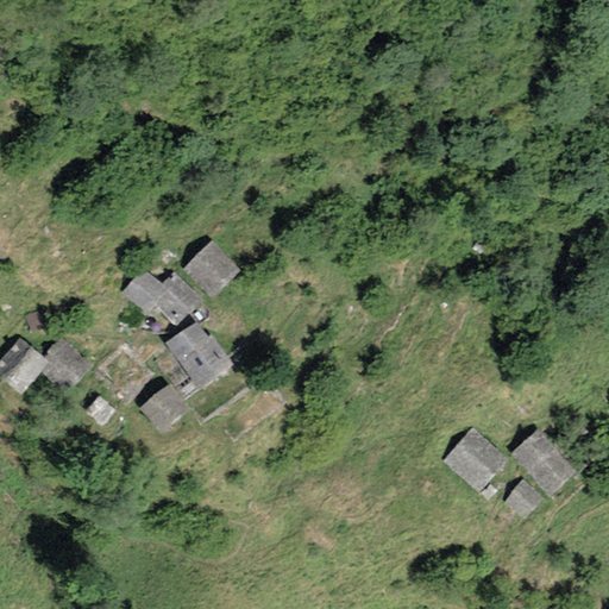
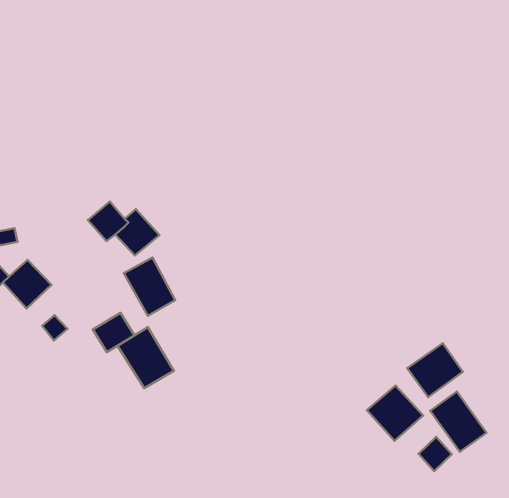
building: [186,245,236,295] -> none
building: none -> [407,343,463,397]
building: none -> [118,327,174,388]

